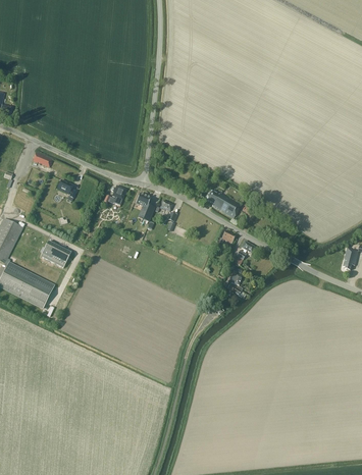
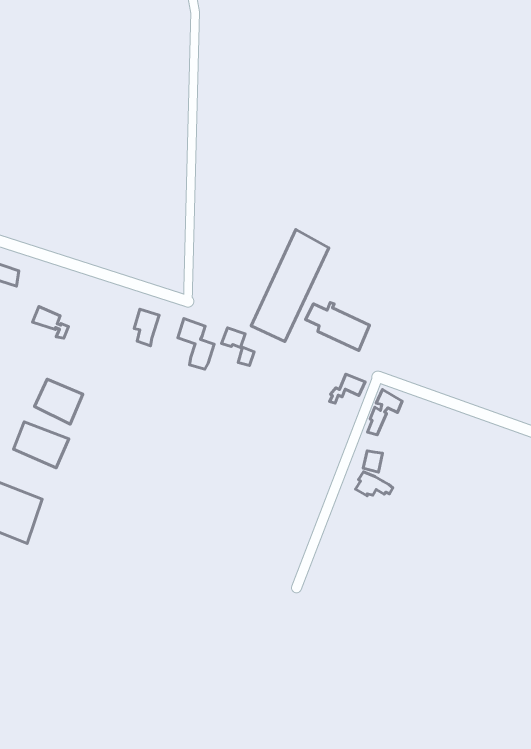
building: none -> [251,229,329,341]
building: none -> [35,379,83,424]

